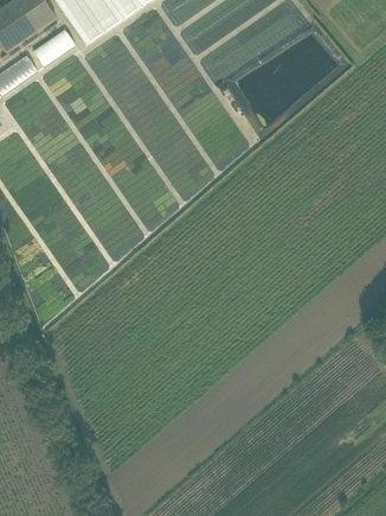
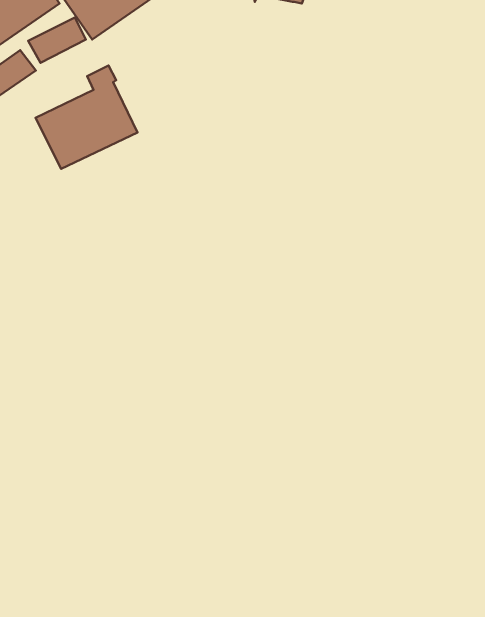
building: none -> [36,65,137,169]

